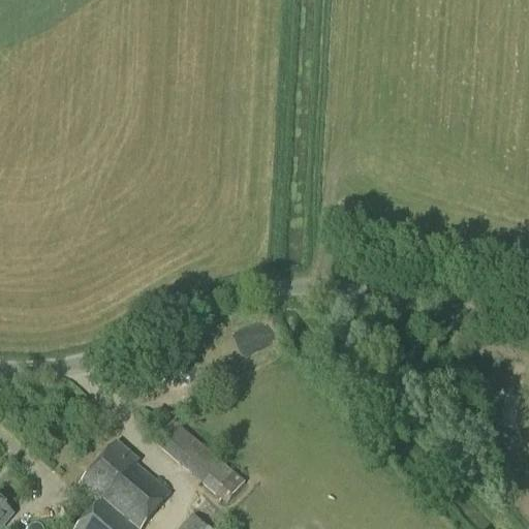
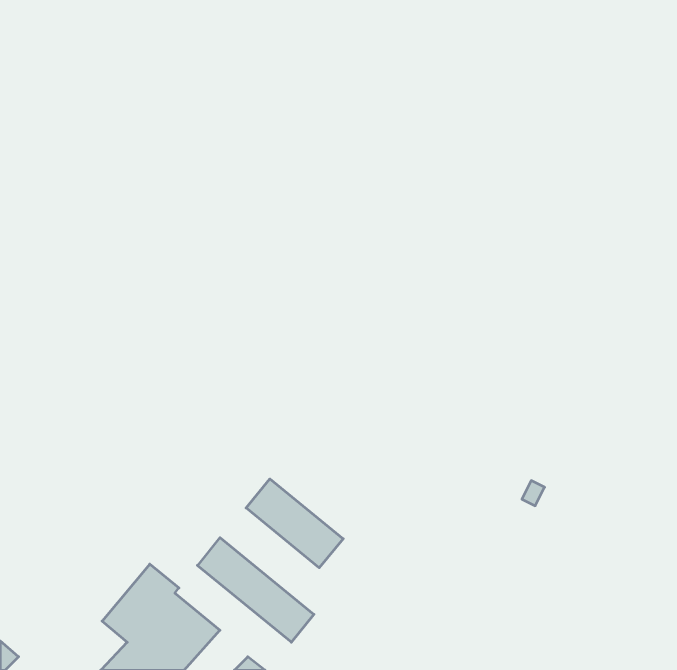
building: none -> [246,479,343,568]

